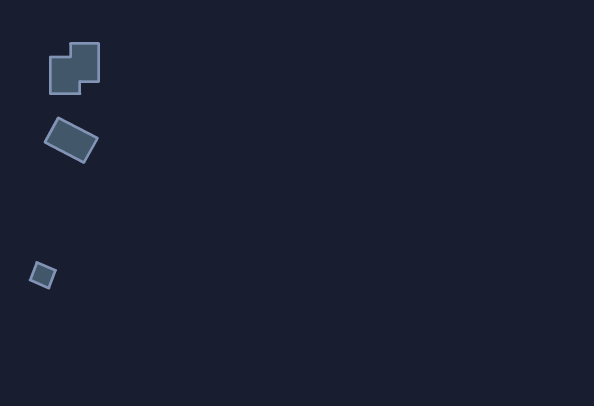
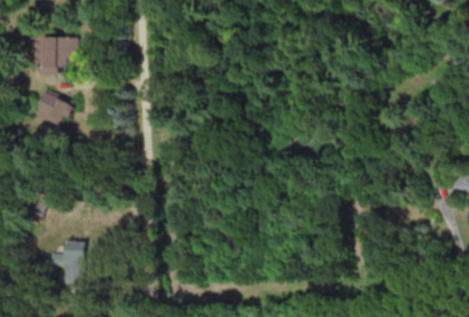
building: none -> [48,240,83,287]

